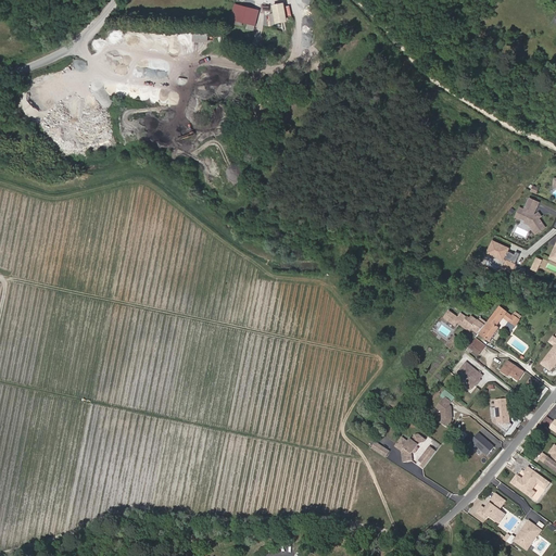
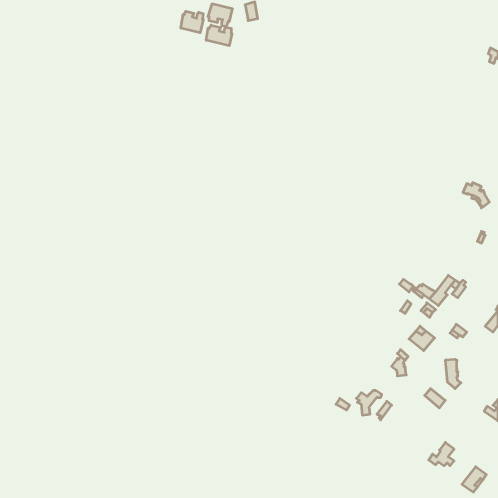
building: none -> [181,11,203,33]
building: none -> [206,25,232,46]
building: [486,240,520,271] -> none
building: [510,466,545,495] -> none

